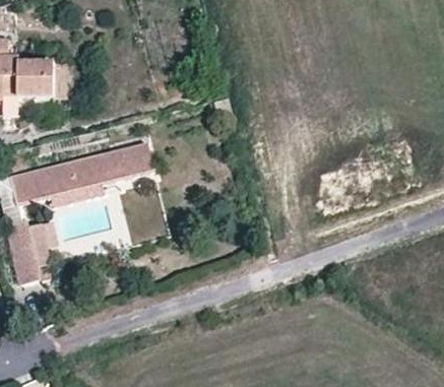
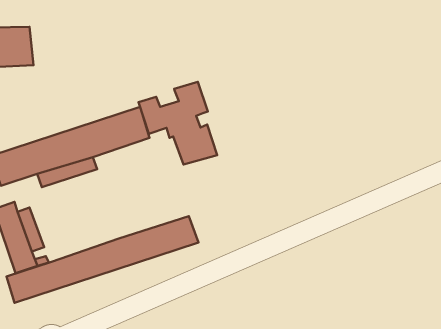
building: none -> [139,82,217,164]
building: none -> [6,216,199,303]

